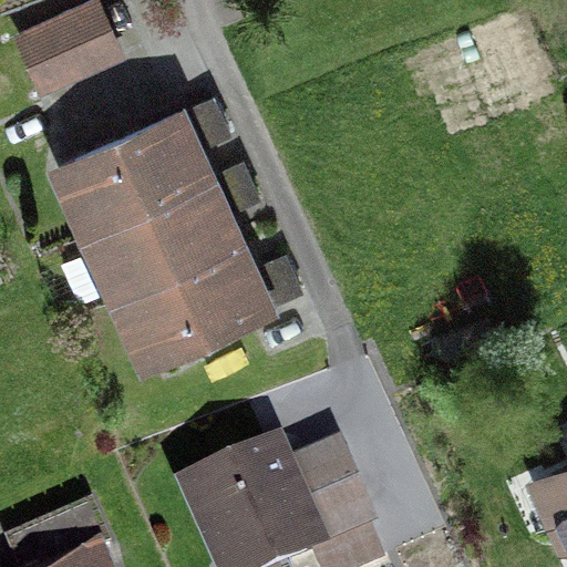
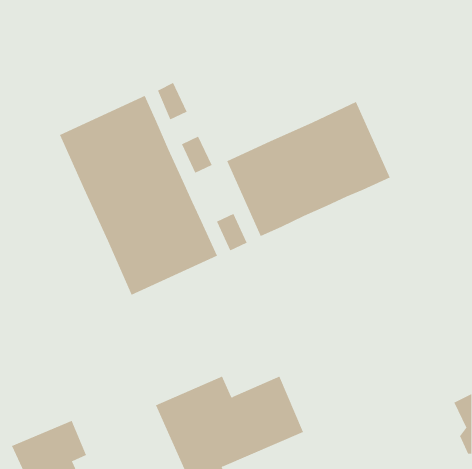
building: [14,9,114,91] -> none
building: none -> [227,101,391,237]

